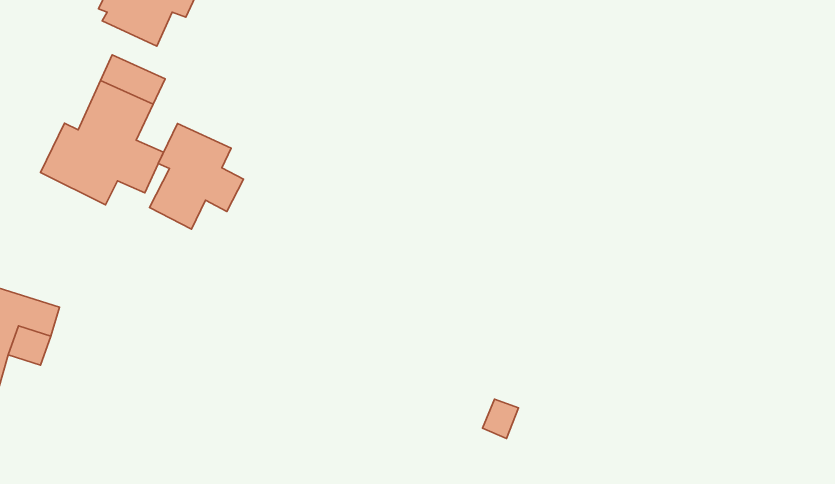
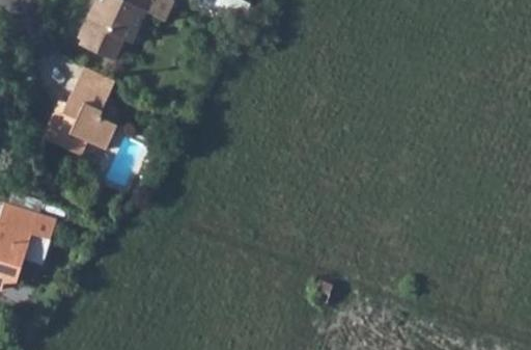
building: [149,123,243,229] -> none

